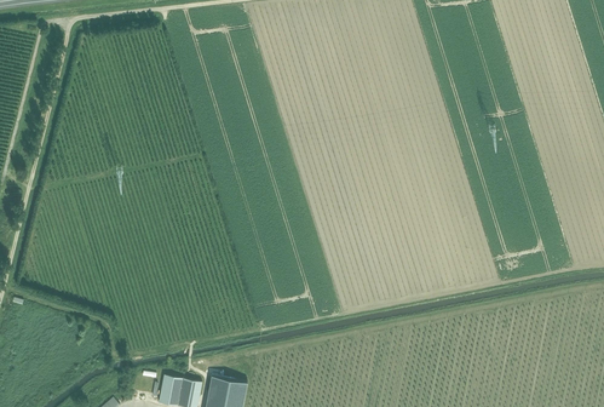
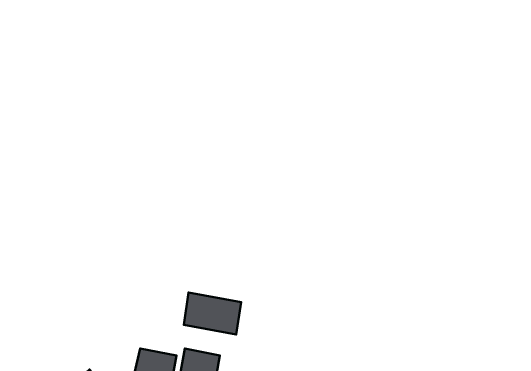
building: none -> [184,293,241,334]

